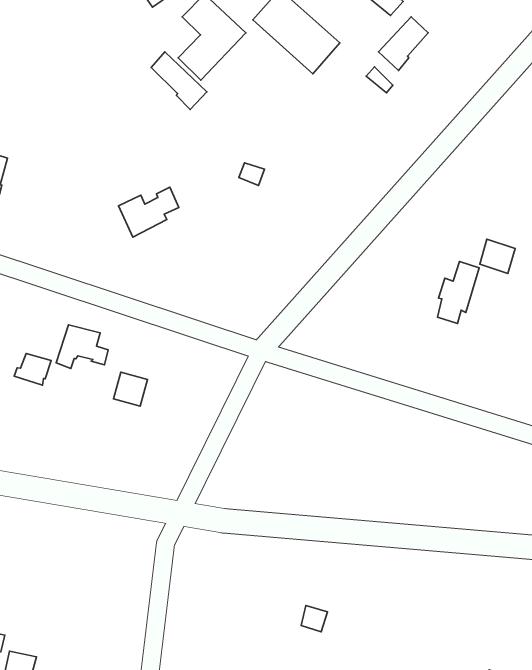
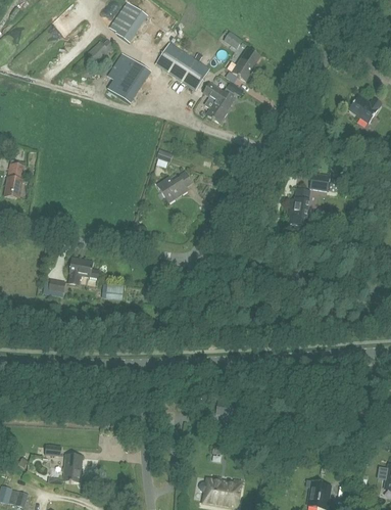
building: [151,52,207,109] -> none
building: none -> [203,83,234,122]
building: [118,187,179,237] -> [155,171,191,203]

